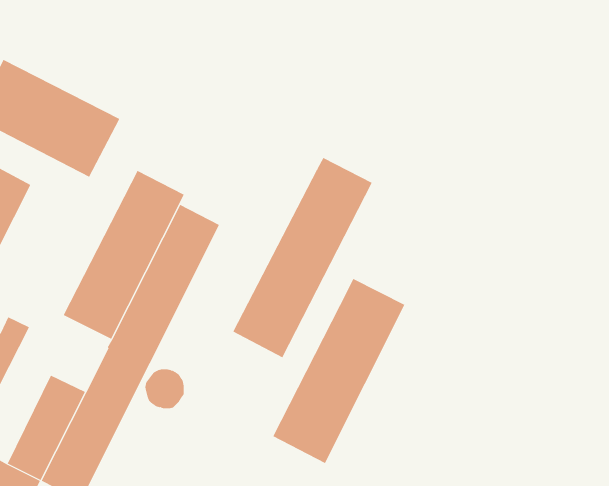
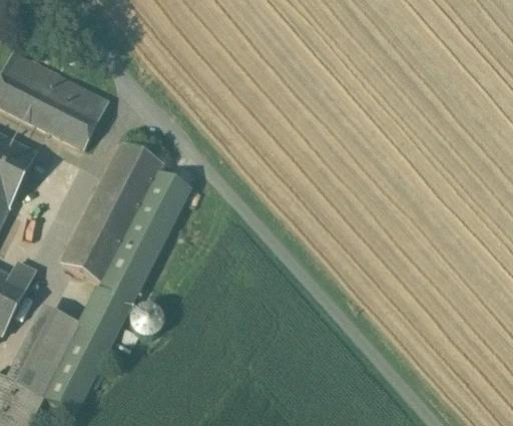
building: [232,157,373,358] -> none
building: [272,278,405,464] -> none

